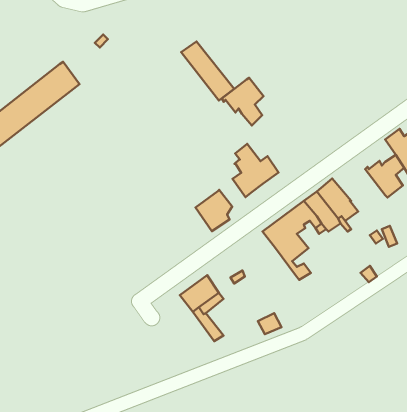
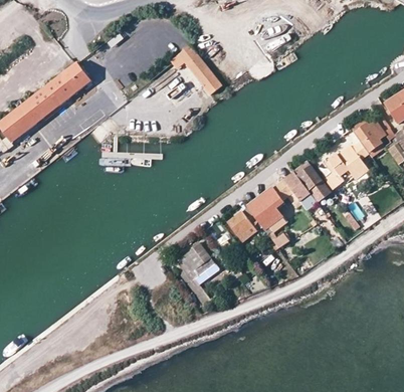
building: [222,78,264,125] -> none
building: [233,144,278,197] -> none
building: none -> [322,153,351,188]
building: [195,190,232,231] -> [226,206,257,241]

